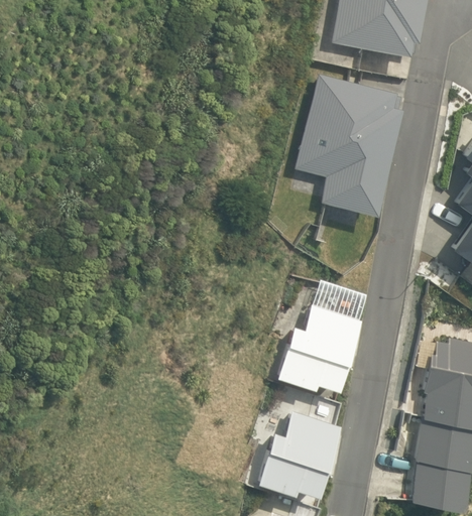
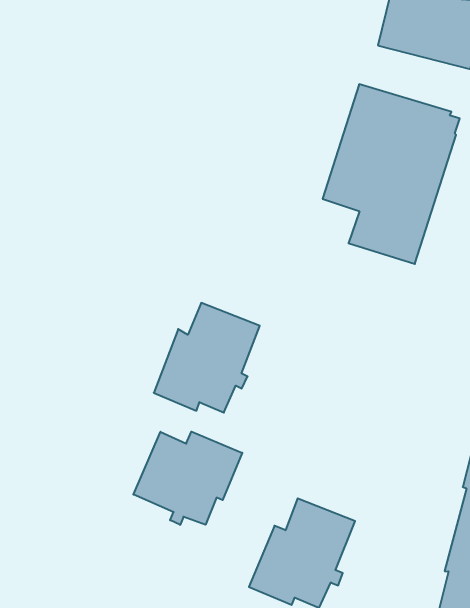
building: [279,305,361,392] -> [154,303,260,413]
building: none -> [133,432,242,525]

